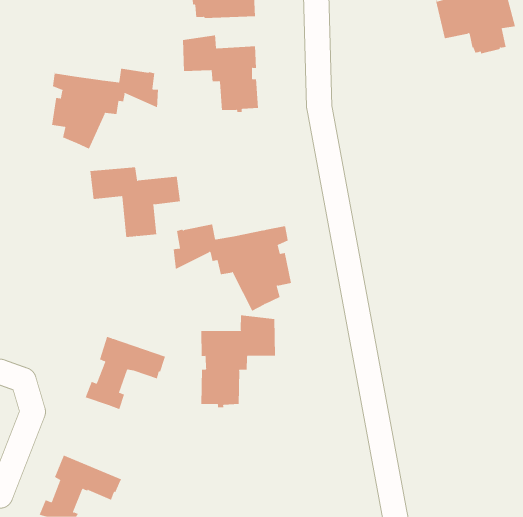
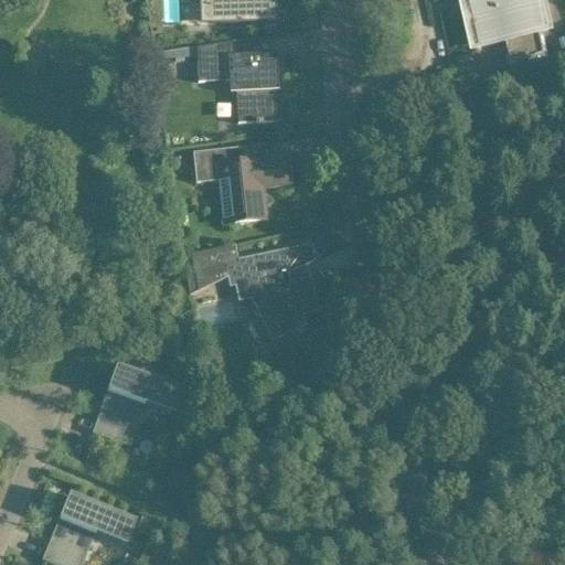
building: [49,68,159,150] -> none
building: [90,167,181,237] -> [192,143,290,220]
building: [201,314,275,408] -> none

